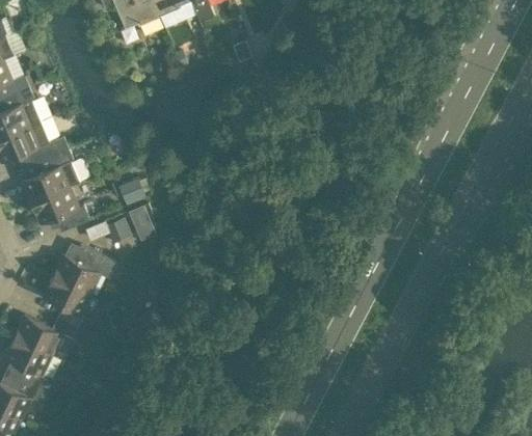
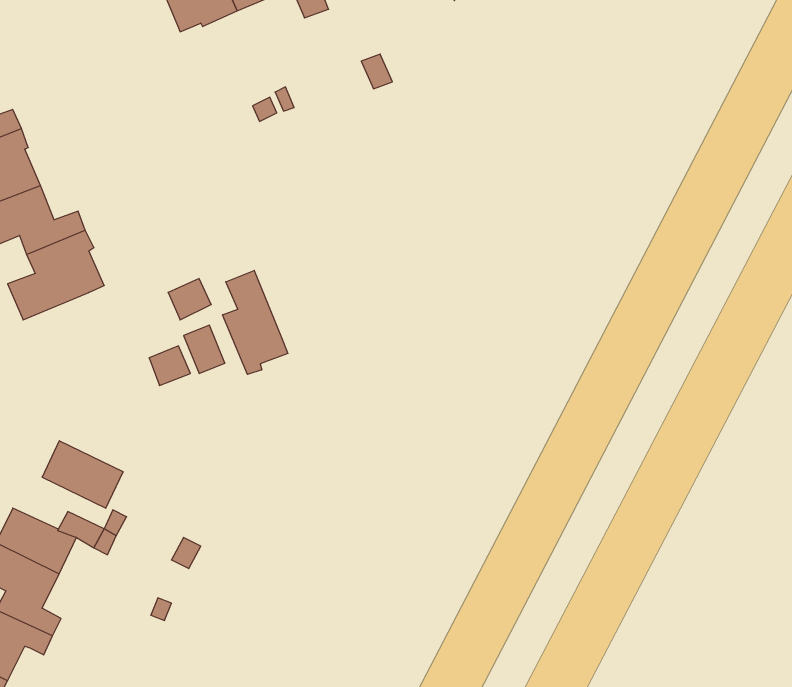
building: none -> [223,270,288,374]
building: [30,186,89,231] -> none
building: [52,245,116,294] -> none

